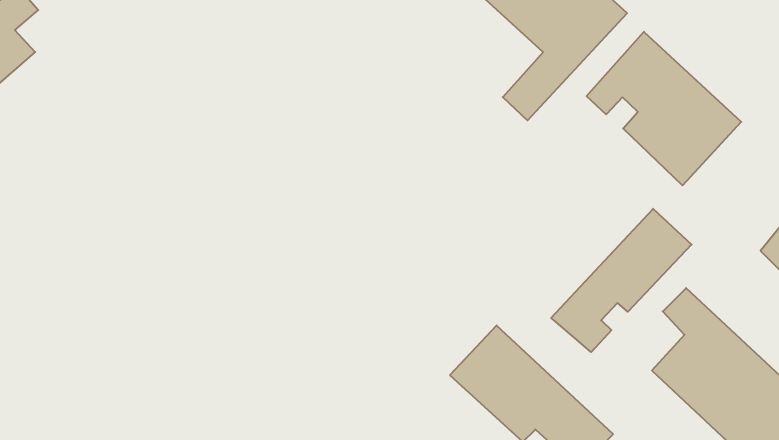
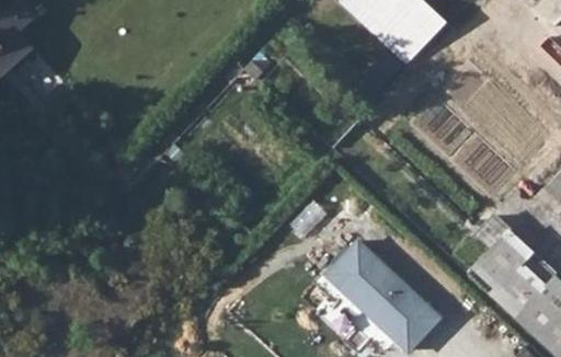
building: [587,32,741,185] -> none
building: [551,209,692,352] -> none

